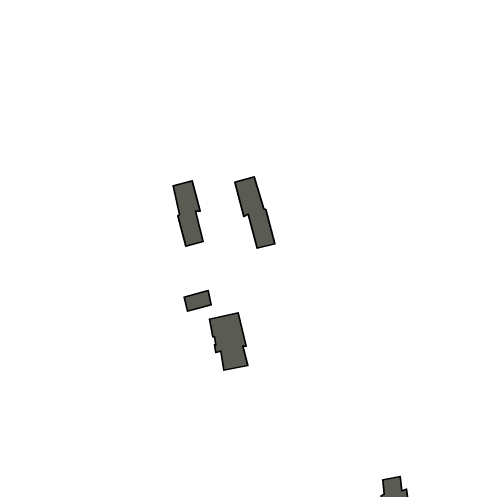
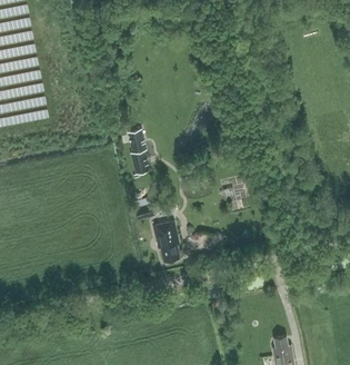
building: [235,177,275,248] -> none

